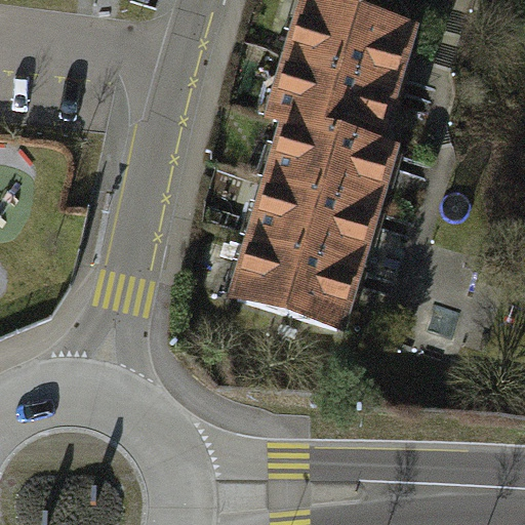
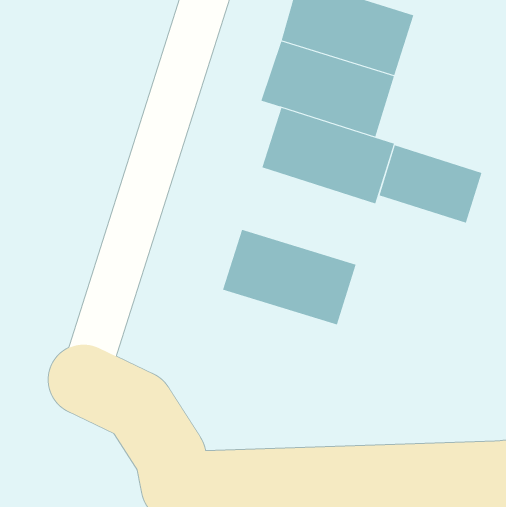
building: none -> [379,145,482,224]
building: [245,170,381,269] -> none

